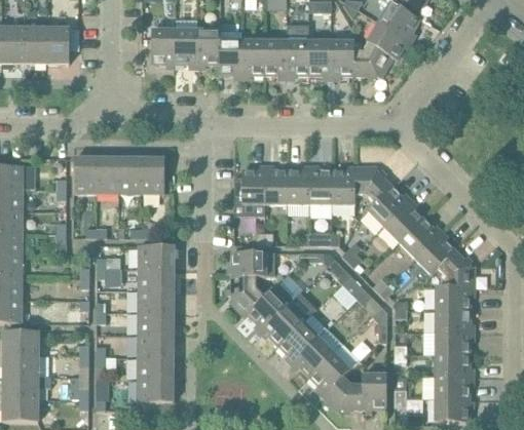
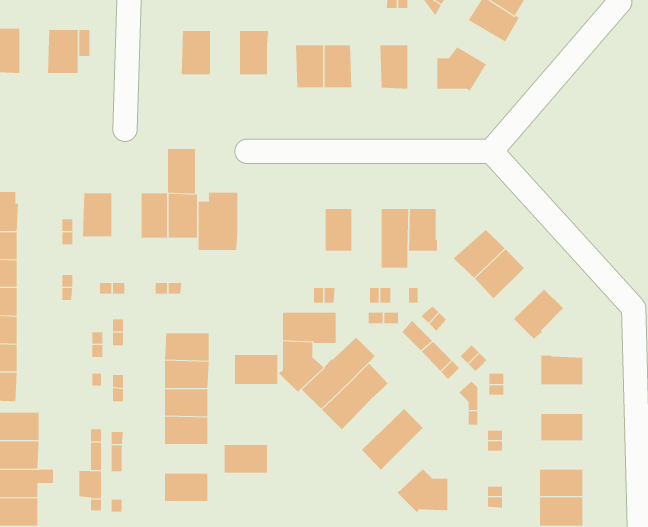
building: [367,21,408,58] -> none
building: [286,24,309,74] -> none
building: [24,27,46,63] -> none
building: [175,29,197,64] -> none
building: [219,29,242,74] -> none
building: [331,40,353,75] -> none
building: [97,157,119,193] -> [167,149,196,194]
building: [353,165,392,202] -> none
building: [233,169,265,216] -> [198,192,238,250]
building: [287,169,309,203] -> none
building: [399,217,439,257] -> none
building: [139,244,174,268] -> [234,355,278,384]
building: [437,248,474,287] -> none
building: [436,309,470,331] -> none
building: [278,311,328,360] -> none
building: [309,343,360,392] -> none
building: [435,353,470,376] -> none
building: [138,356,173,379] -> [224,445,268,473]
building: [363,374,386,408] -> none

